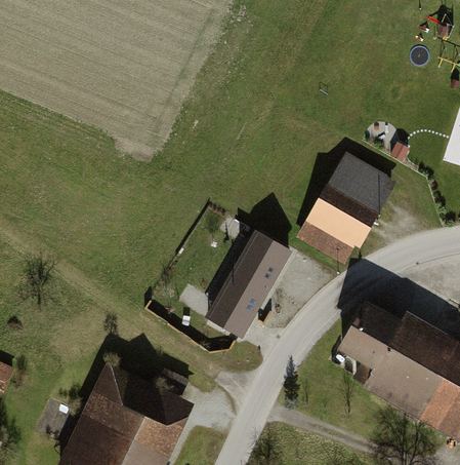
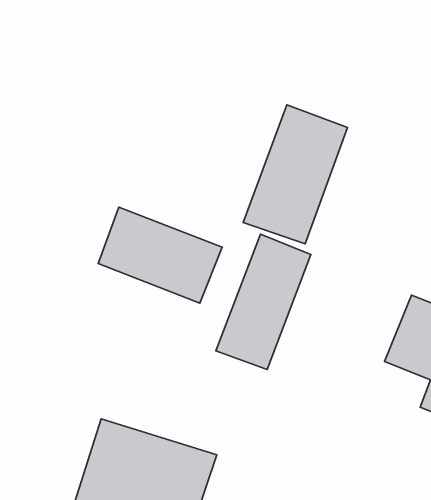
building: [297,155,390,268] -> [243,105,348,244]
building: none -> [98,207,222,303]

